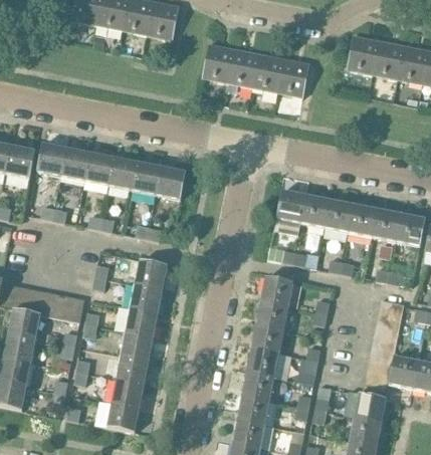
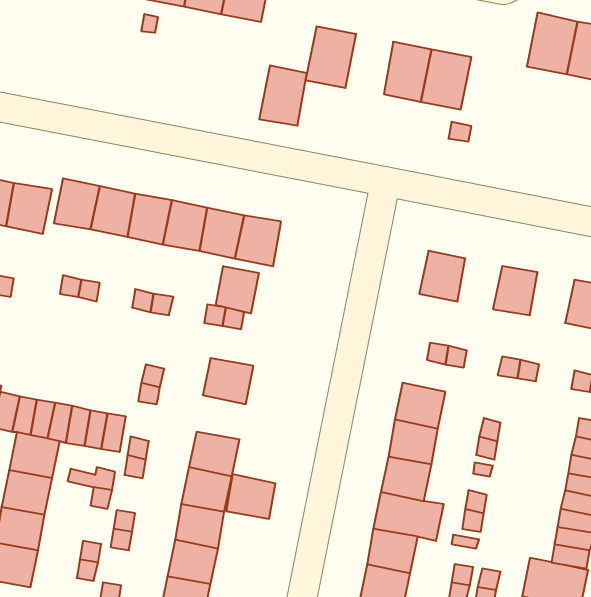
building: [227,48,258,87] -> [259,65,307,125]
building: [300,195,330,228] -> none
building: none -> [216,266,259,314]
building: [348,204,377,237] -> none
building: [130,284,162,313] -> [226,474,275,519]

